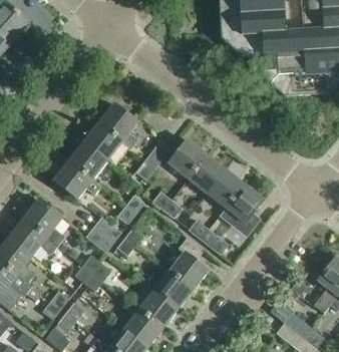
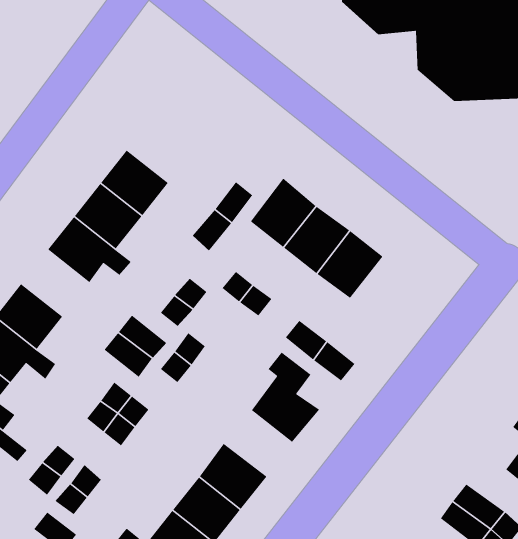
building: [98,102,138,147] -> none
building: [221,183,264,234] -> none
building: [146,264,193,308] -> none

